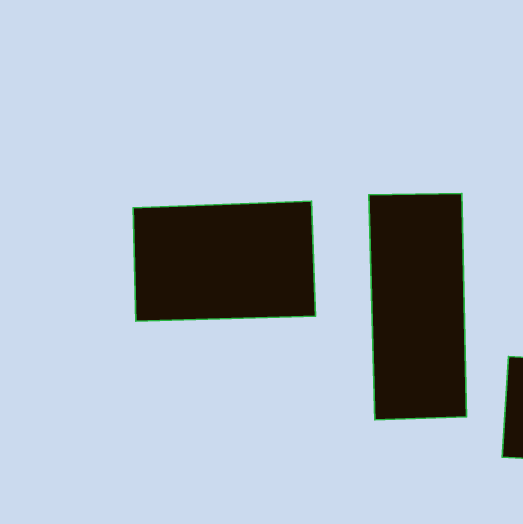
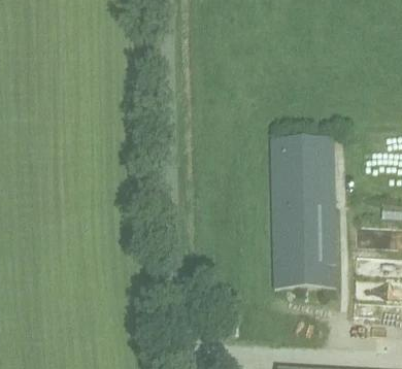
building: [133,201,316,321] -> none

